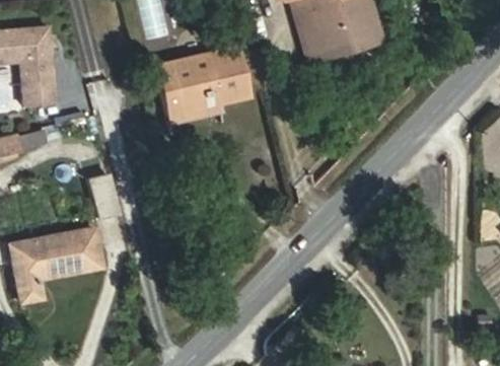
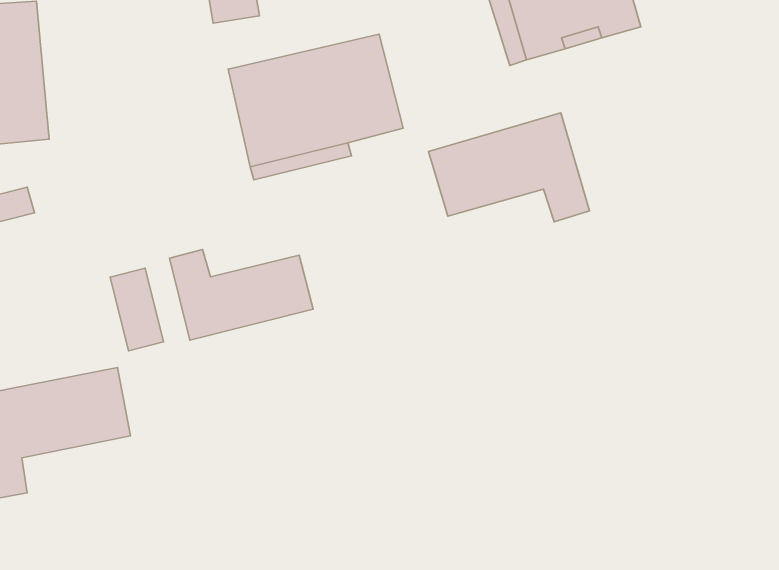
building: none -> [428,113,590,222]
building: none -> [170,249,313,340]

